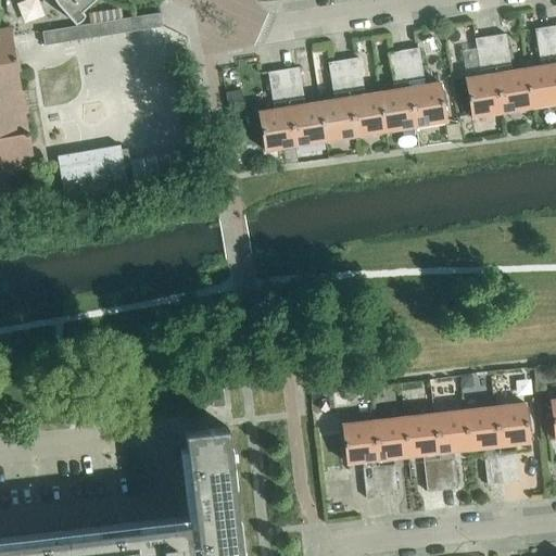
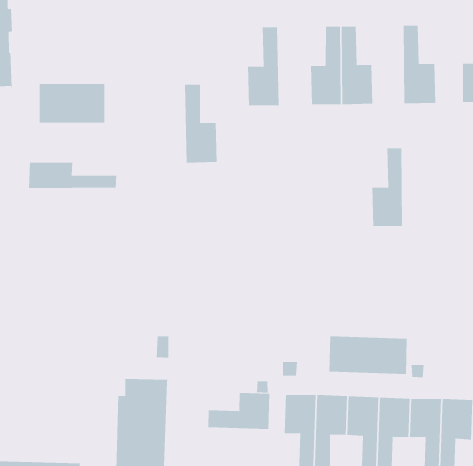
building: [380,50,416,130] -> [372,148,403,227]
building: [283,67,327,146] -> [184,84,217,163]
building: none -> [29,162,117,189]
building: none -> [329,336,407,375]
building: none -> [208,392,270,430]

